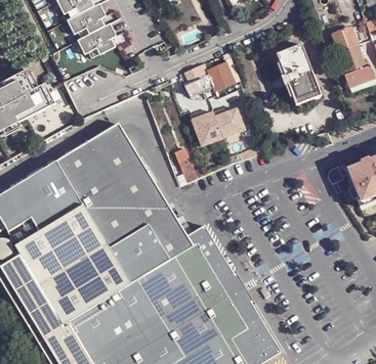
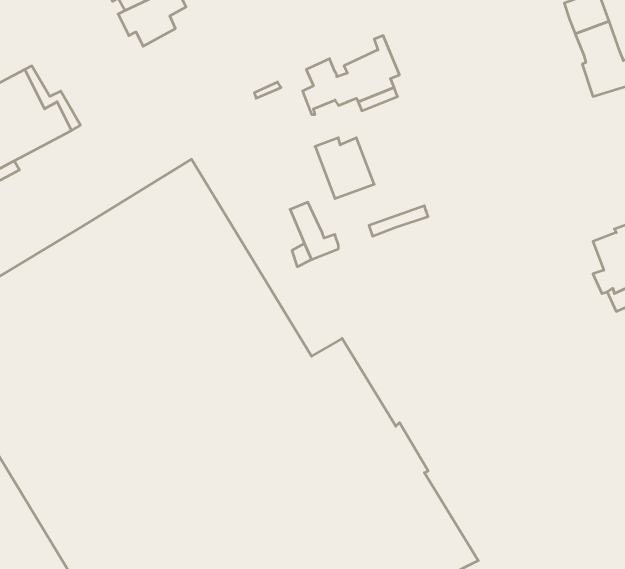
building: [276,43,321,105] -> none
building: [214,108,250,137] -> none

